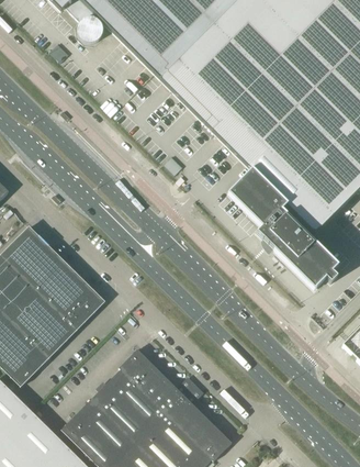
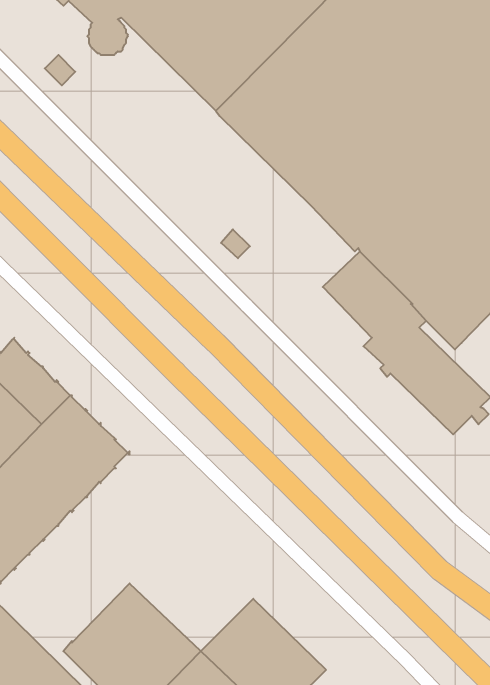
building: [104,347,184,429] -> none

